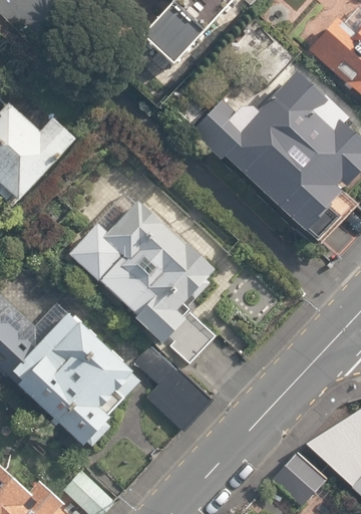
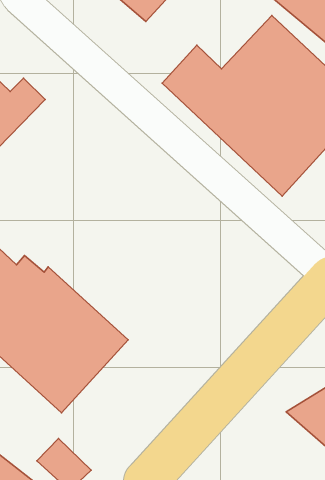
building: [68,201,220,365] -> none
building: [142,364,215,437] -> none
building: [271,452,327,506] -> none

